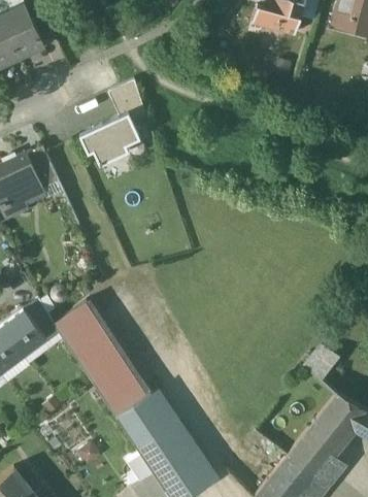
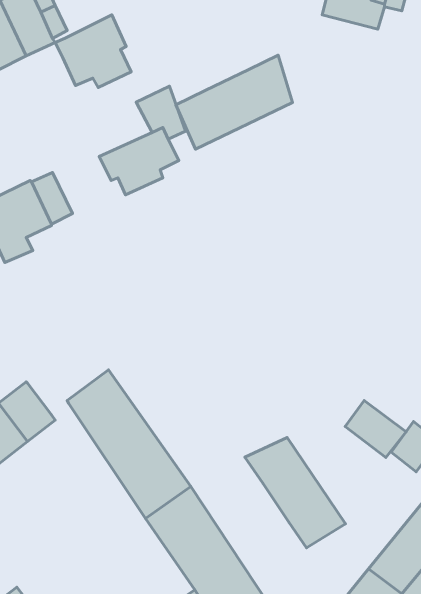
building: none -> [55,15,131,88]
building: none -> [176,55,293,149]
building: [24,300,56,336] -> none
building: none -> [345,401,406,457]
building: none -> [245,437,345,548]

